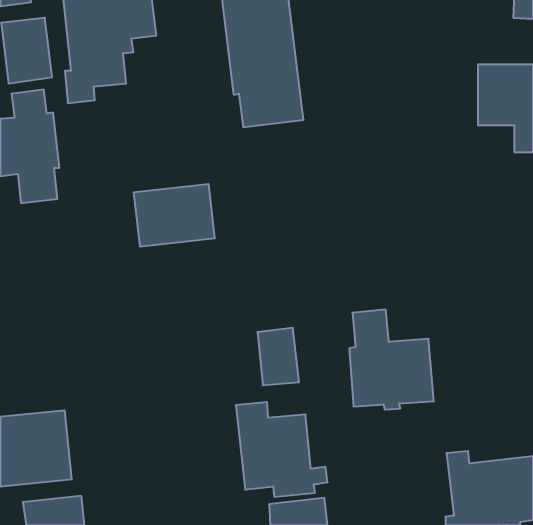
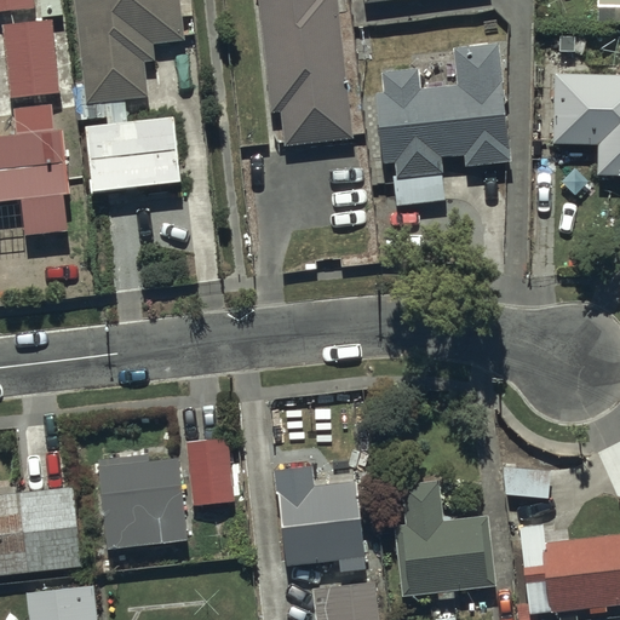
building: none -> [374,45,509,205]
building: [134,184,215,247] -> [85,120,179,193]
building: [349,310,434,410] -> [397,482,495,598]
building: [257,328,299,385] -> [188,429,236,495]
building: none -> [98,444,188,538]

